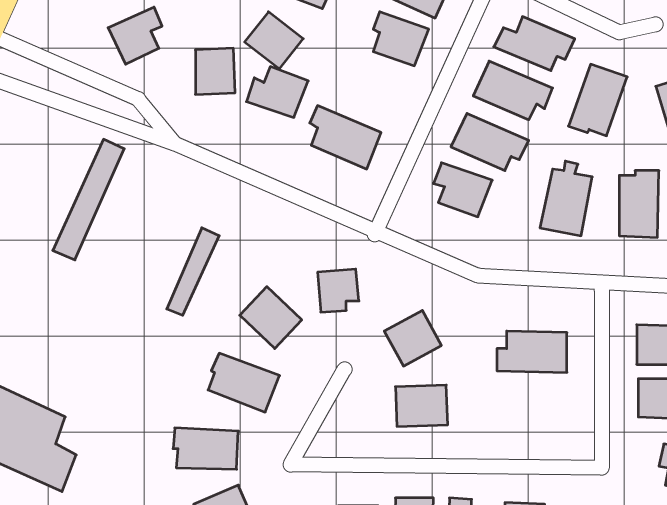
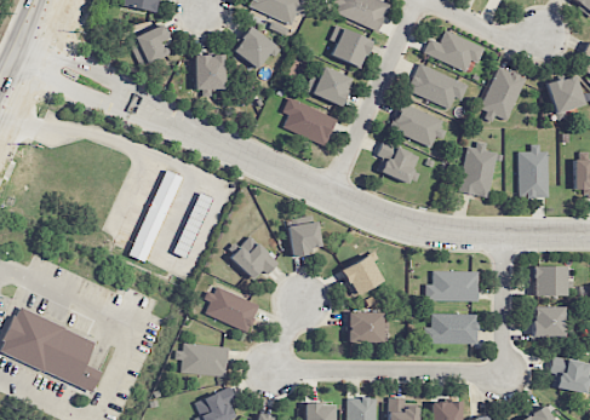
building: [246,67,308,117] -> [305,67,353,105]
building: [53,139,124,260] -> [127,169,182,261]
building: none -> [424,313,477,344]

